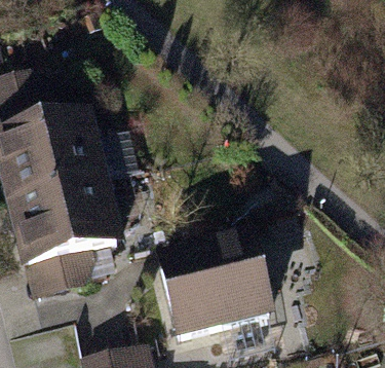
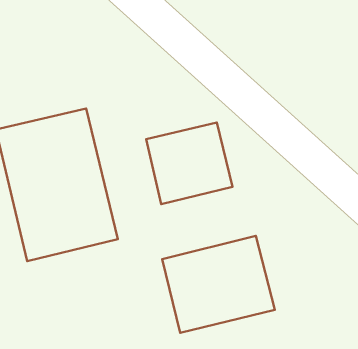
building: none -> [146,122,233,204]

